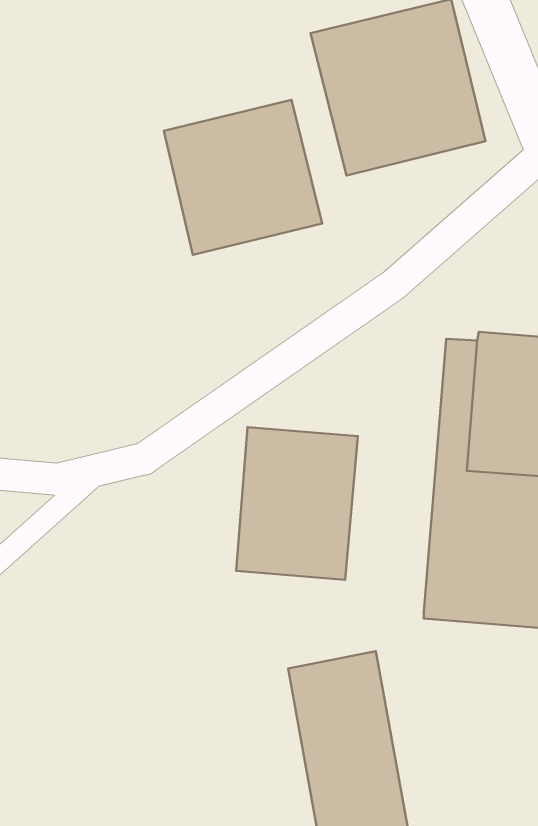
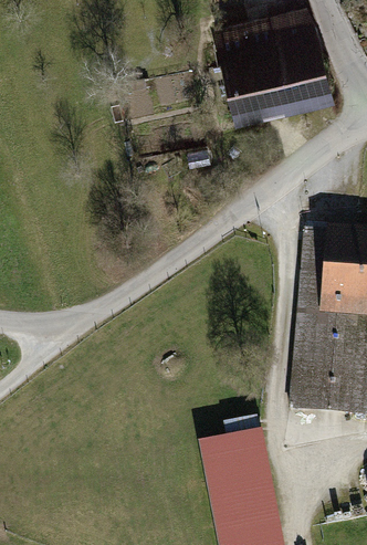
building: [164,100,322,255] -> none
building: [236,427,358,580] -> none

